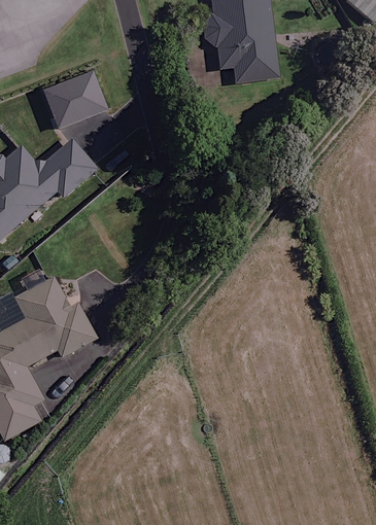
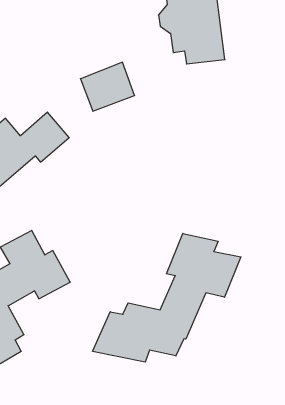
building: [43,71,107,129] -> [80,62,135,111]
building: none -> [93,233,241,362]

